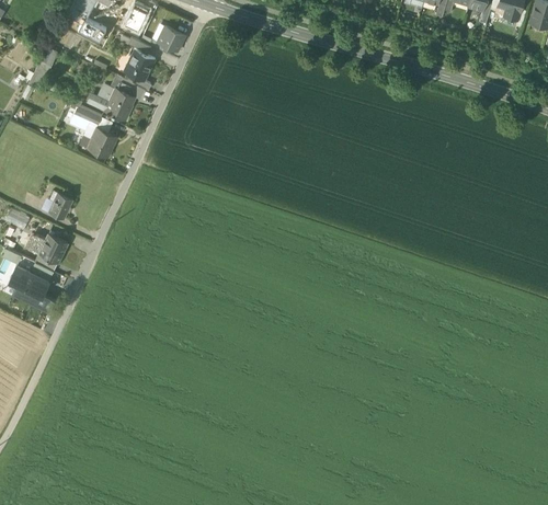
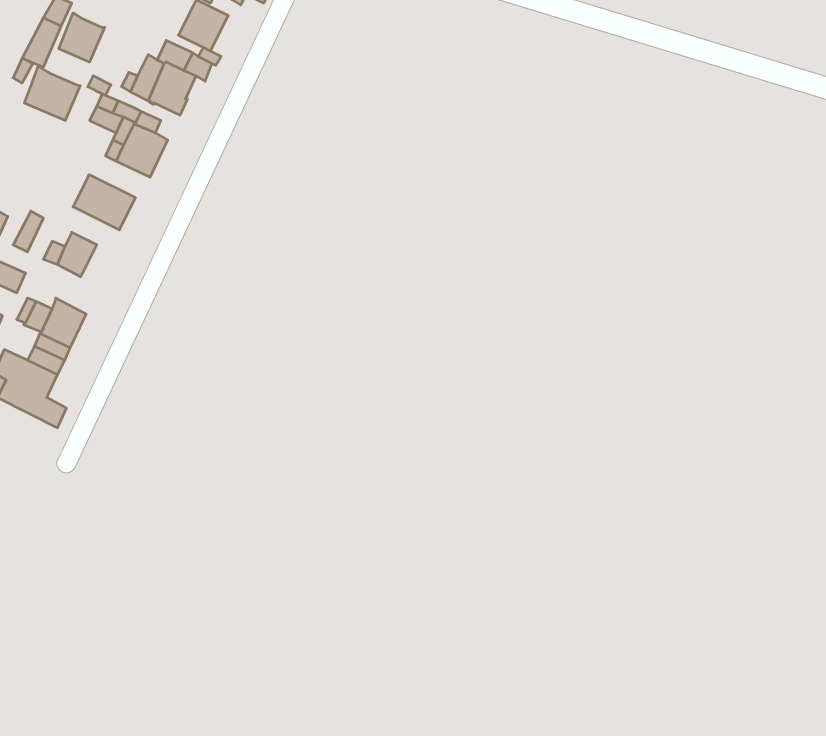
building: none -> [59,13,105,62]
building: none -> [24,66,80,121]
building: none -> [73,175,135,230]

